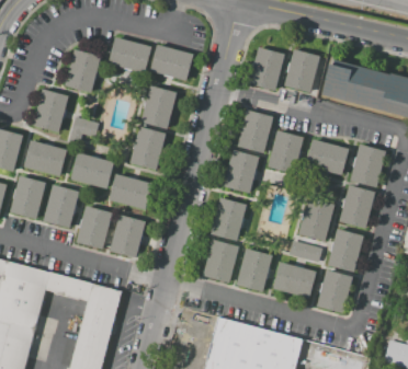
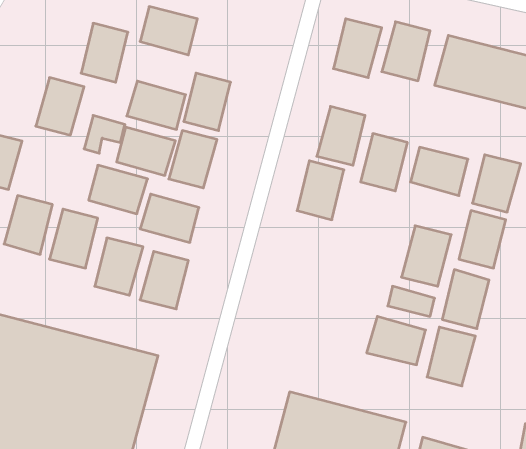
building: [149,45,192,80] -> [127,81,186,129]
building: [24,141,67,176] -> [117,127,175,175]
building: [211,198,246,241] -> none
building: [203,241,238,284] -> none
building: [237,250,271,291] -> none

